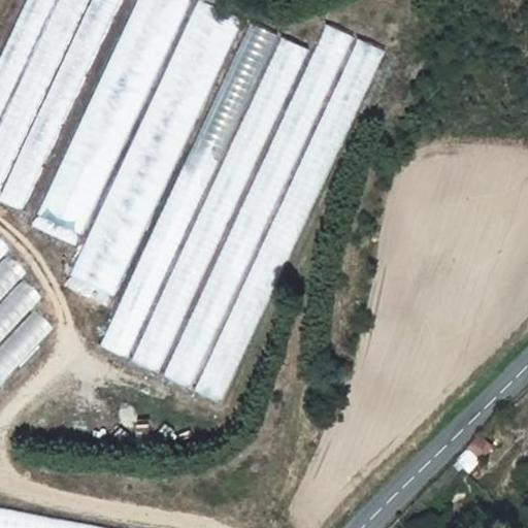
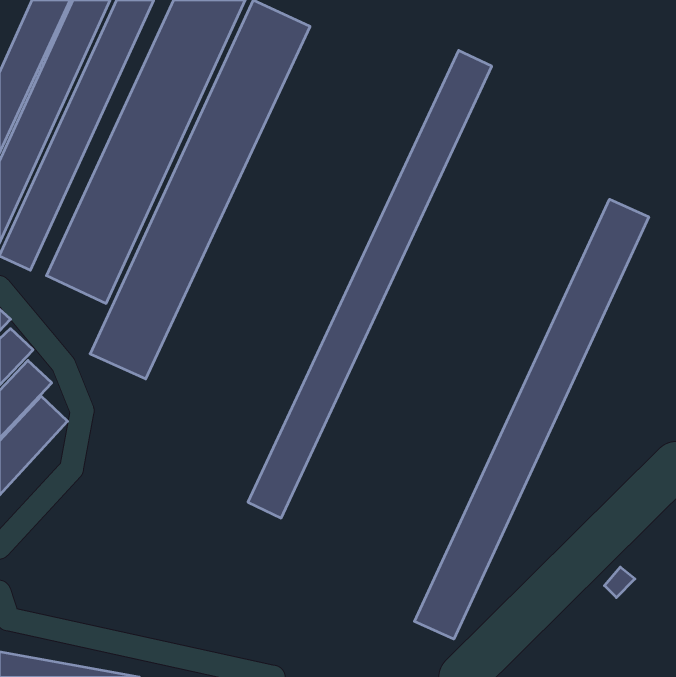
building: [100,23,276,358] -> none
building: [162,26,352,389] -> none
building: [131,38,307,373] -> none
building: none -> [414,199,649,639]

